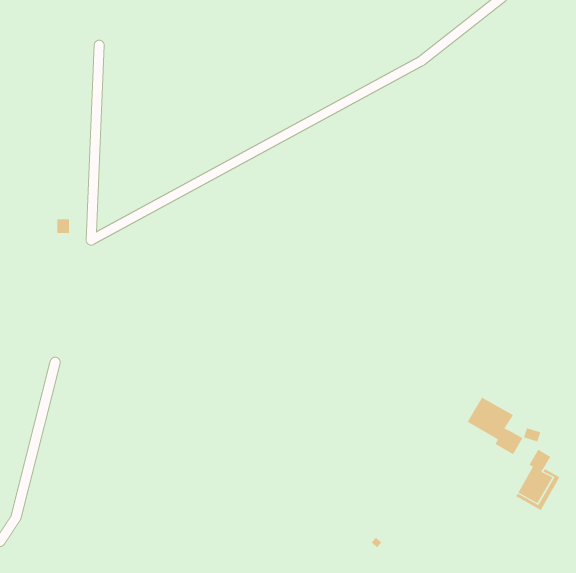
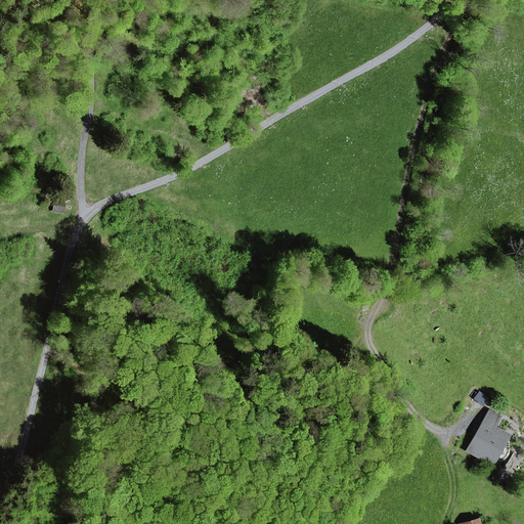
building: [467,397,523,455] -> none

